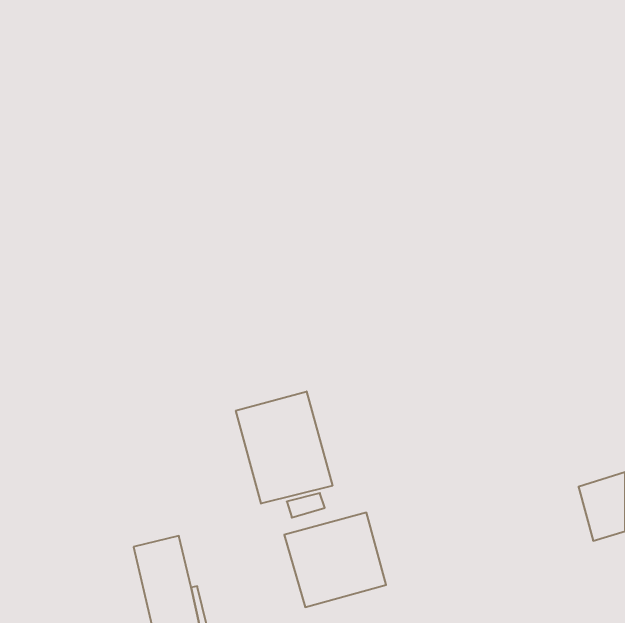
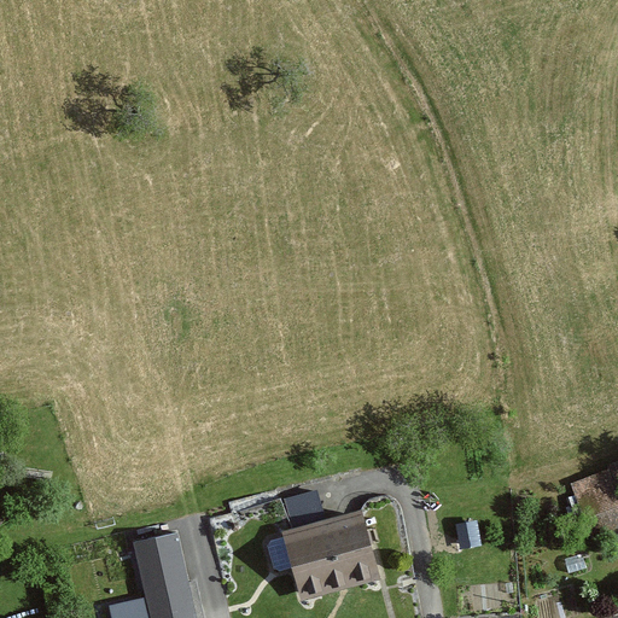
building: [236,391,332,504] -> none

